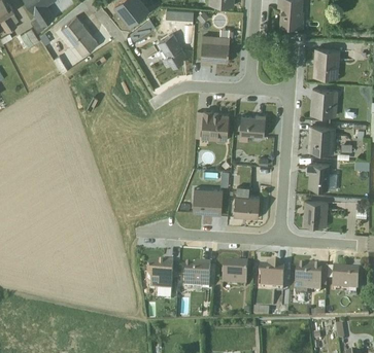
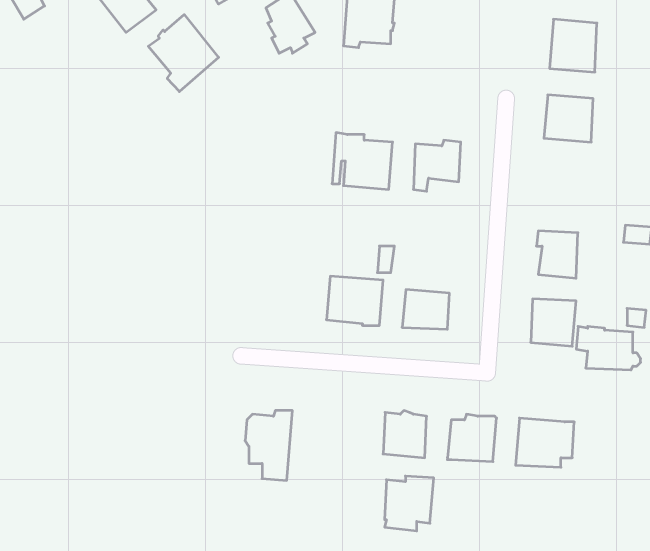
building: none -> [148,15,219,92]
building: [308,125,335,150] -> none
building: [183,261,210,291] -> [385,476,434,531]
building: [327,266,362,289] -> [576,326,641,370]

